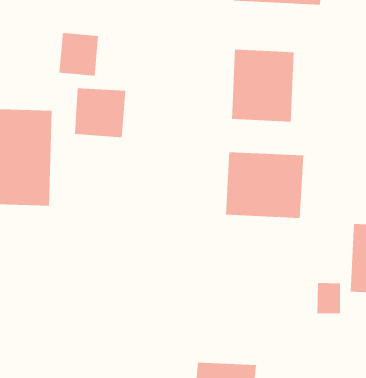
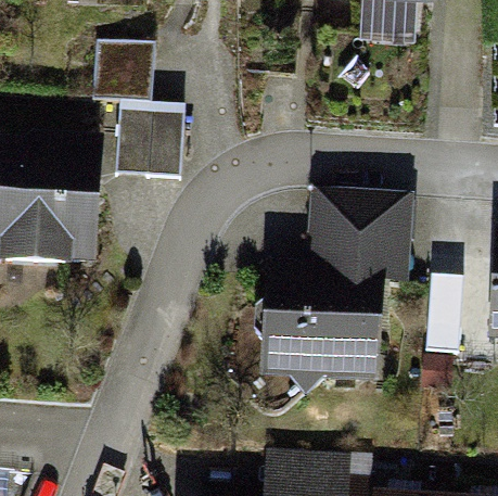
building: [231,49,294,122] -> none
building: none -> [267,268,375,380]

